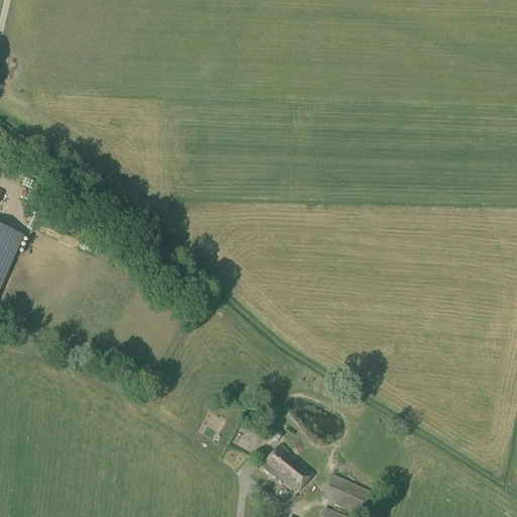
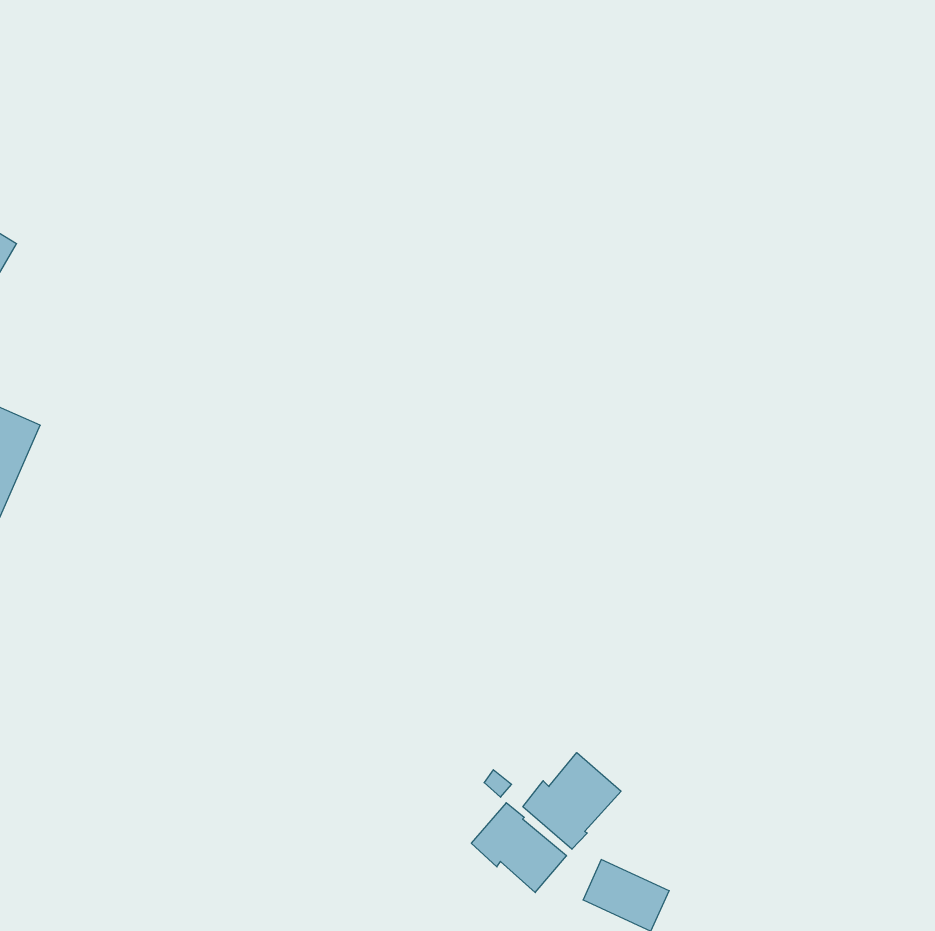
building: none -> [523,753,621,849]

